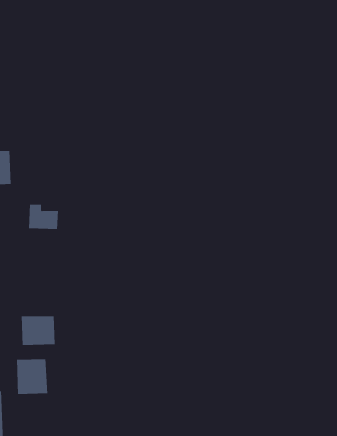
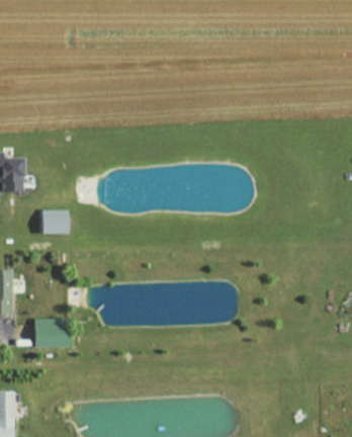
building: [16,358,48,395] -> none

